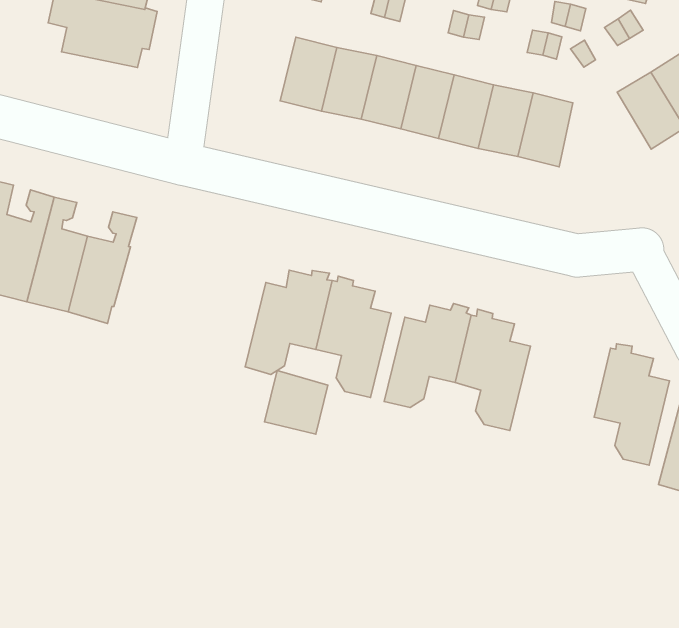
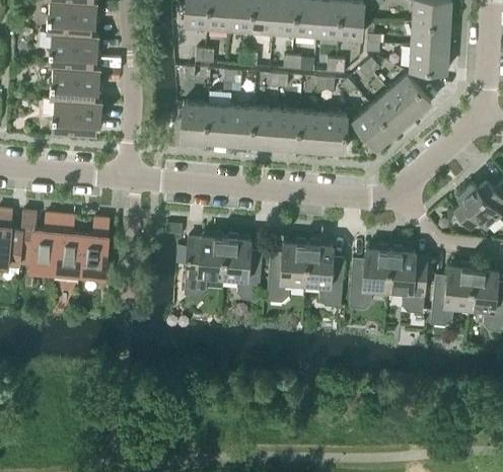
building: none -> [352,105,394,150]
building: none -> [348,246,389,309]
building: [265,371,328,434] -> none

